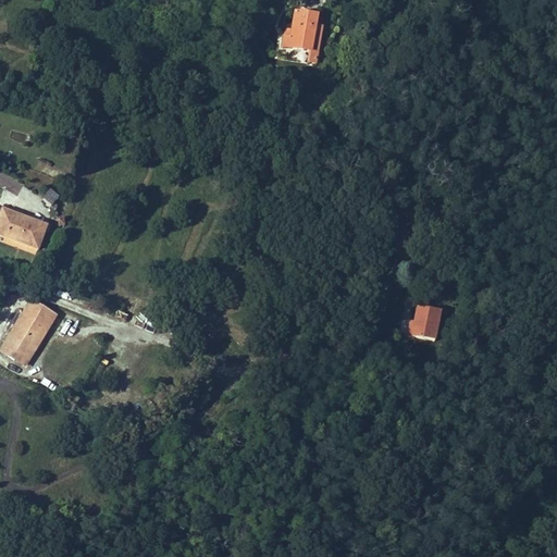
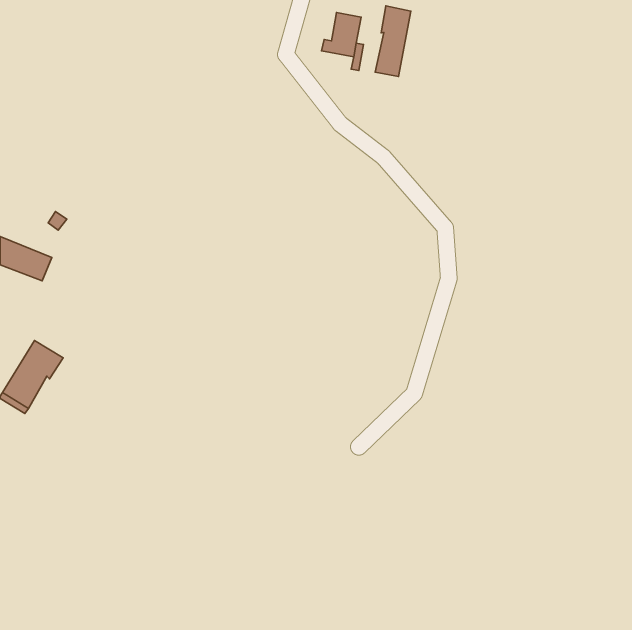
building: none -> [375,6,411,77]
building: [411,306,441,339] -> none

